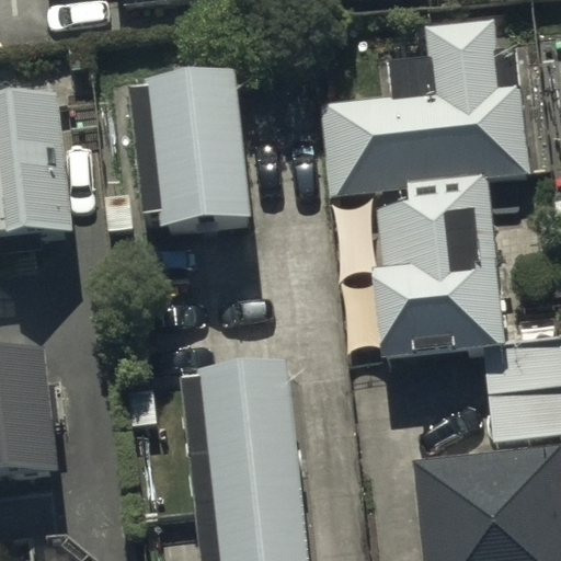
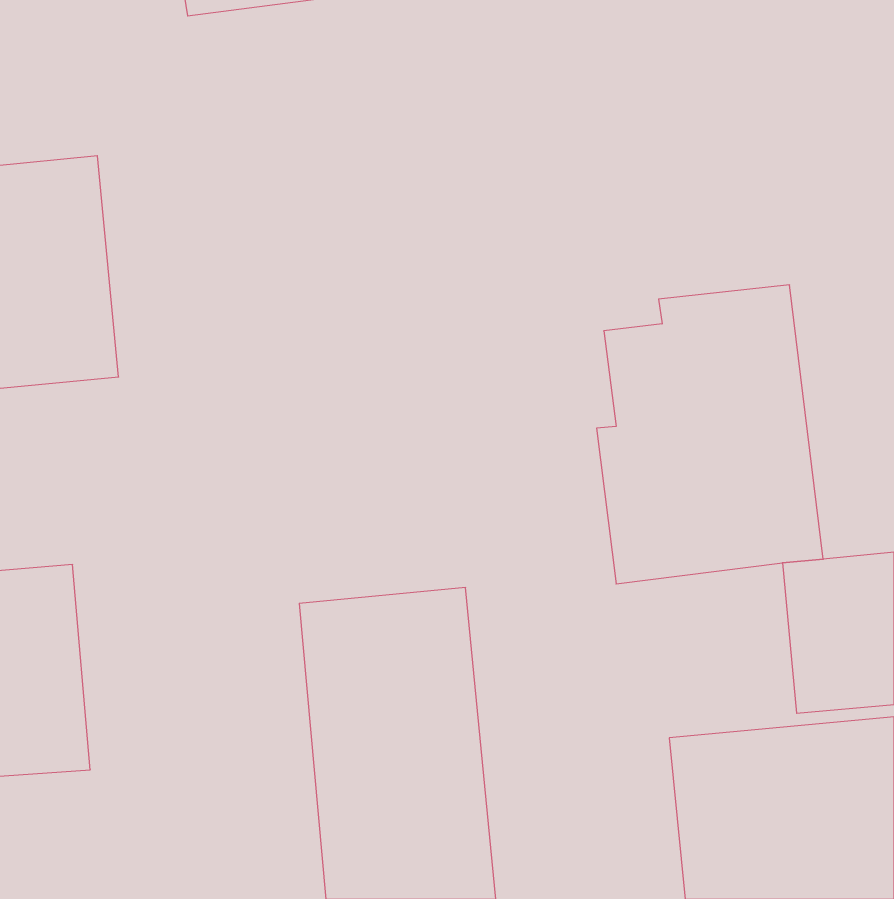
building: [318,19,527,195] -> none
building: [134,70,254,226] -> none

